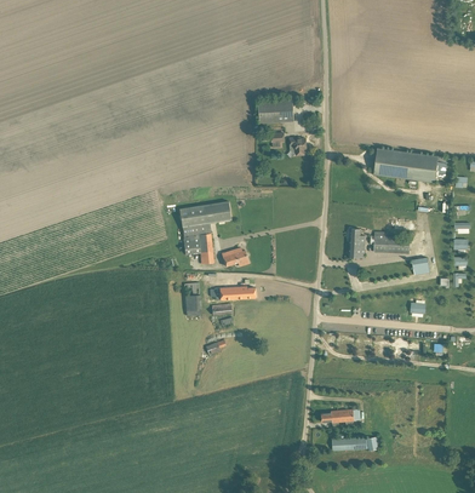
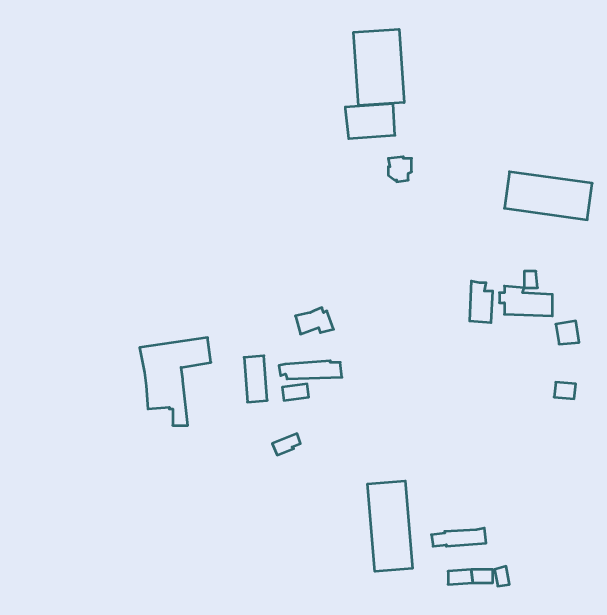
building: none -> [354,29,404,106]
building: [179,201,231,265] -> [140,338,211,425]
building: none -> [368,481,412,571]

